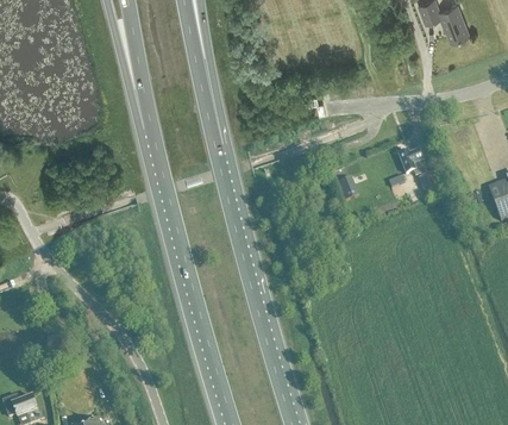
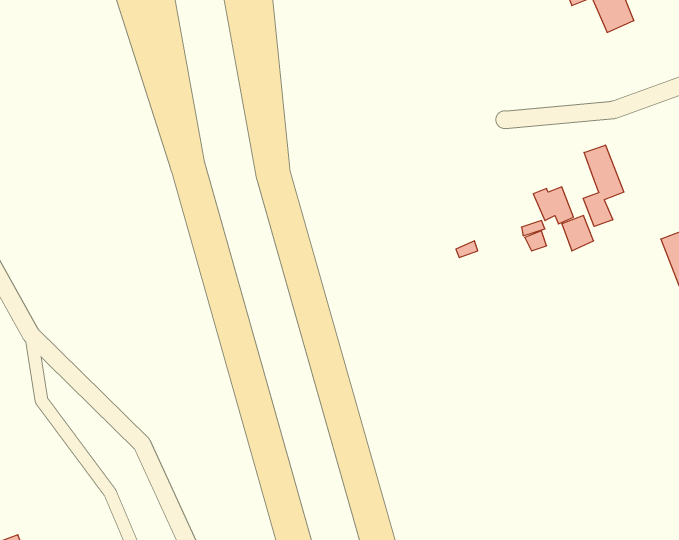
building: none -> [583,145,624,226]

